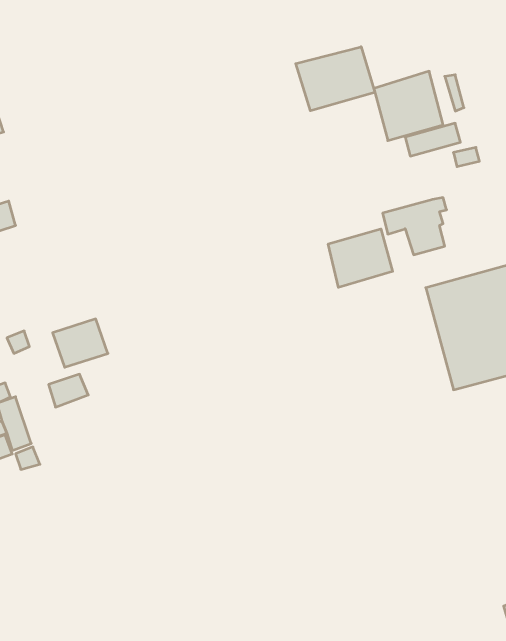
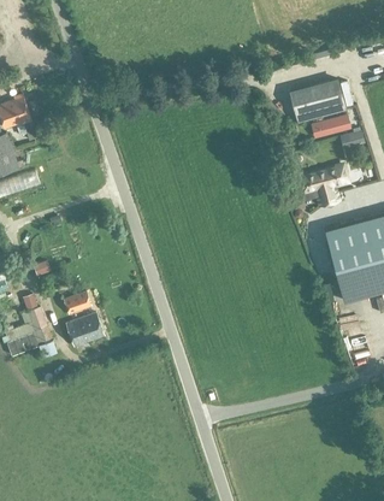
building: [296,47,375,111] -> none
building: [328,229,393,287] -> none
building: [53,319,108,367] -> [65,313,104,347]

